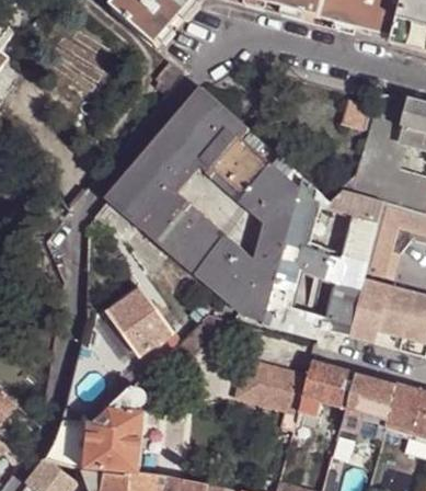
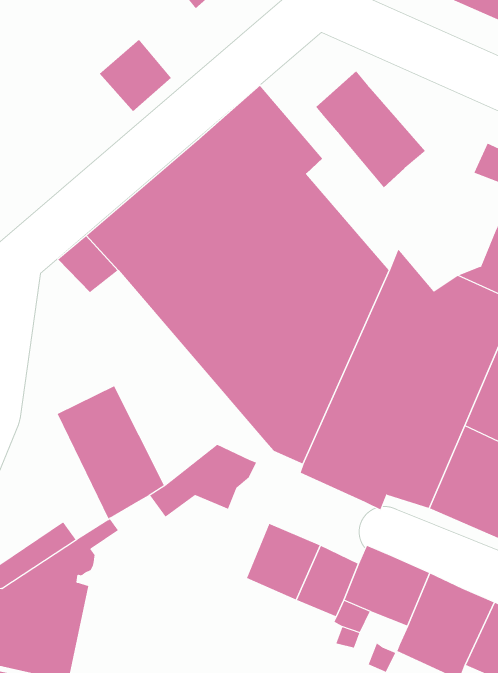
building: none -> [316,70,426,188]
building: none -> [99,39,172,112]

